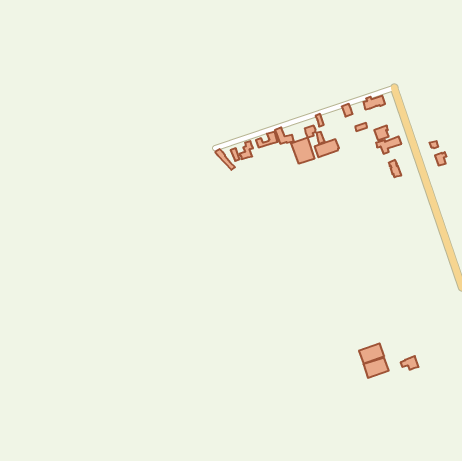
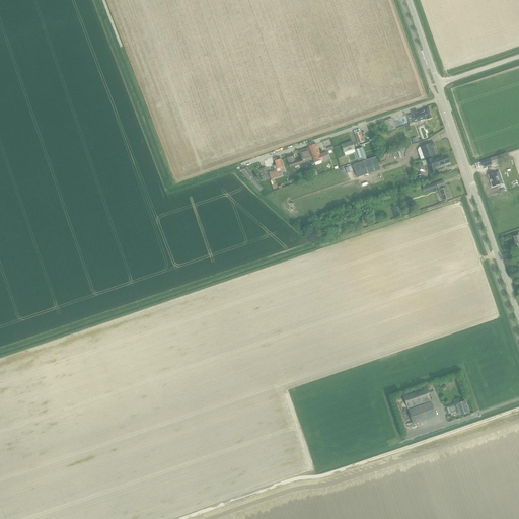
building: [291,137,314,164] -> none

